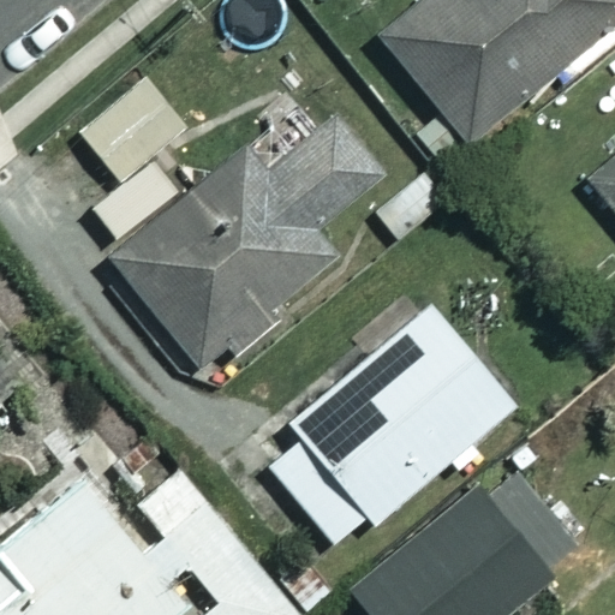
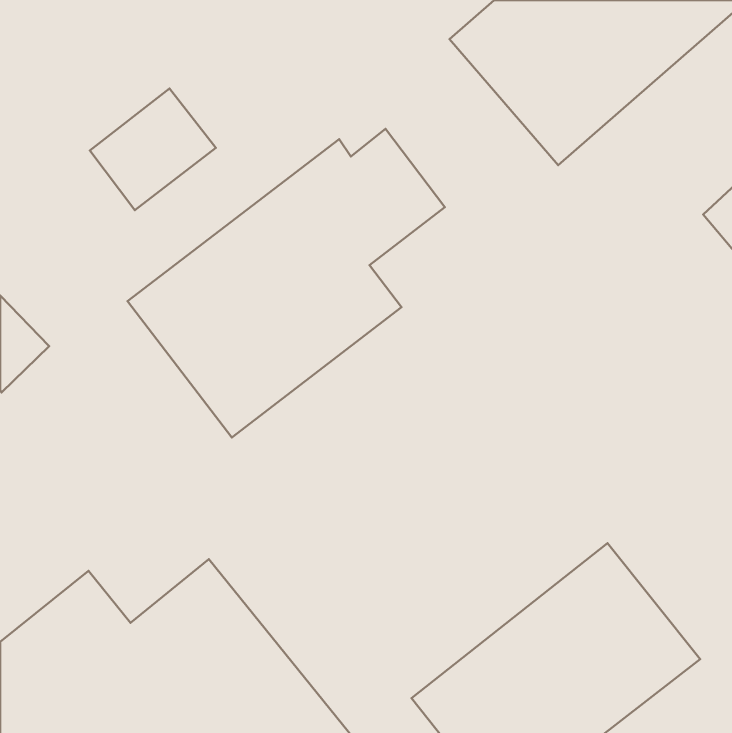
building: [271,308,514,550] -> none

